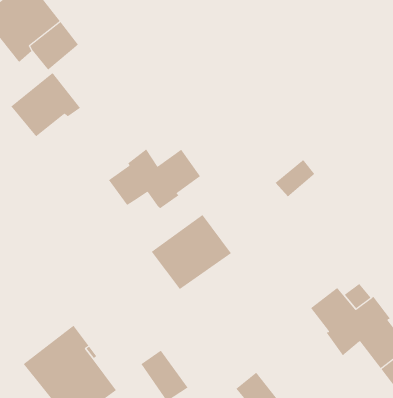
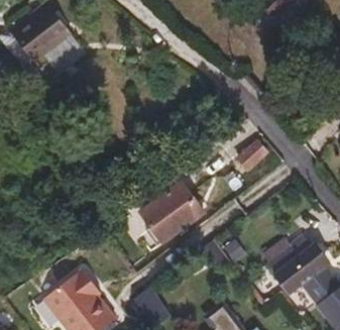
building: [11,72,81,137] -> none
building: [108,149,201,209] -> none

